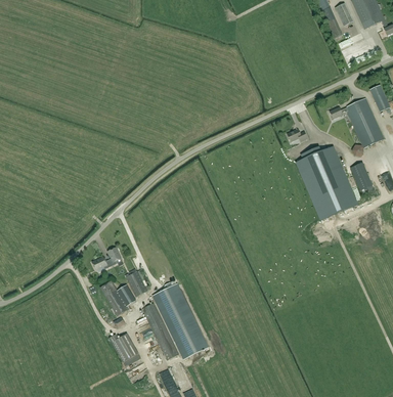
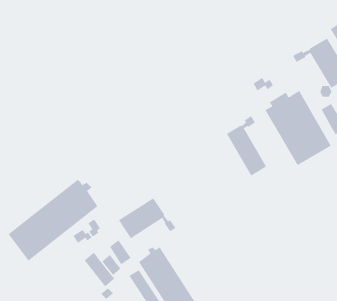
building: none -> [226,115,267,176]
building: none -> [8,179,98,262]
building: none -> [118,197,176,239]

